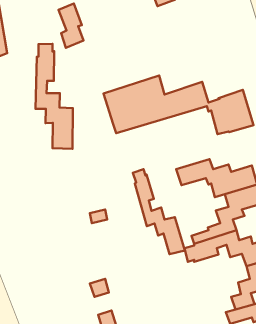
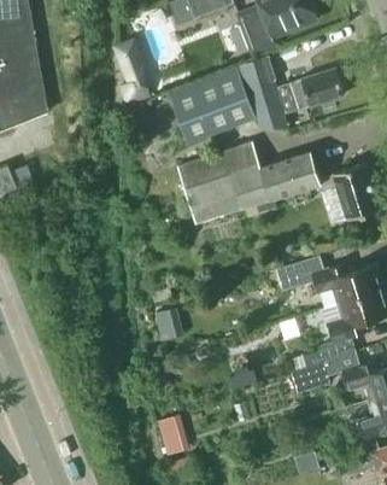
building: none -> [169,55,344,144]
building: [35,44,73,149] -> none
building: [133,169,185,254] -> none

